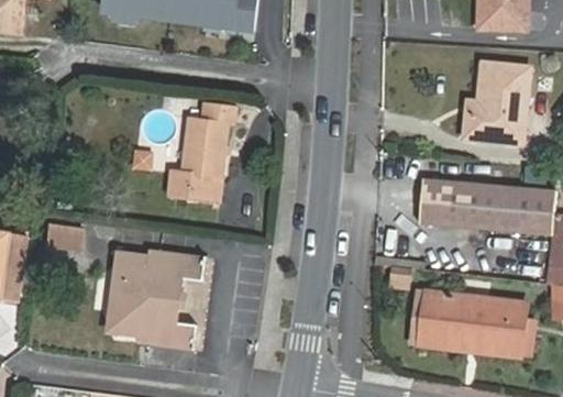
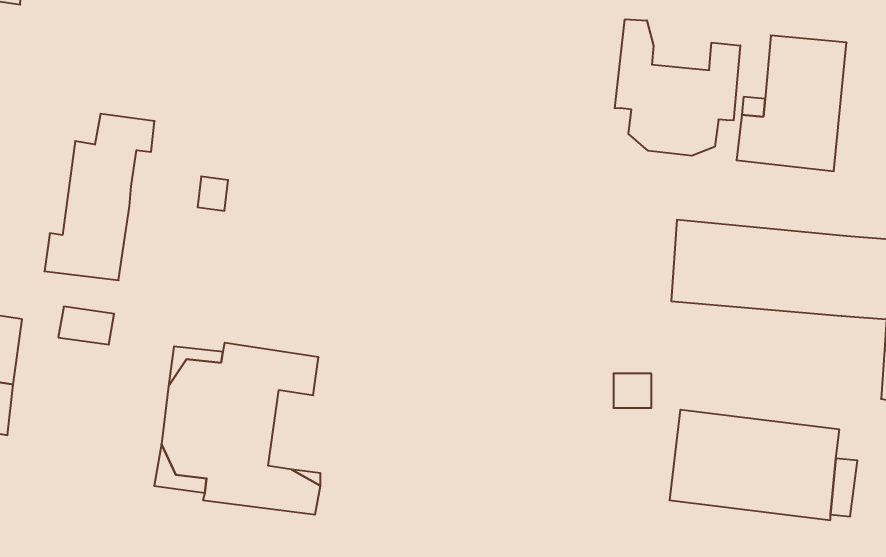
building: none -> [615,19,740,156]
building: [169,102,236,203] -> [44,114,155,280]

